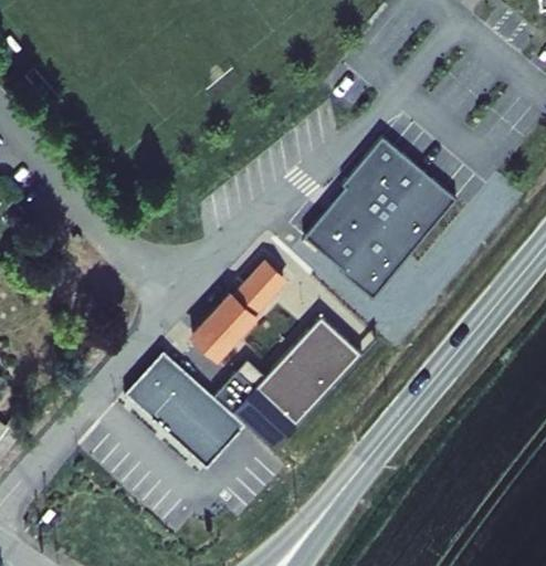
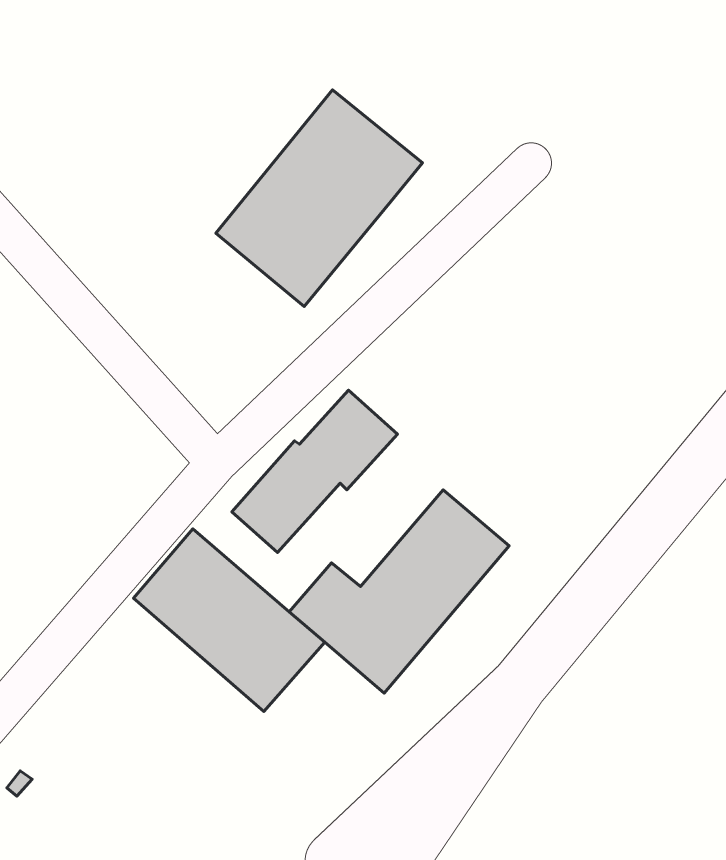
building: none -> [216,90,423,306]
building: [297,133,454,297] -> none

